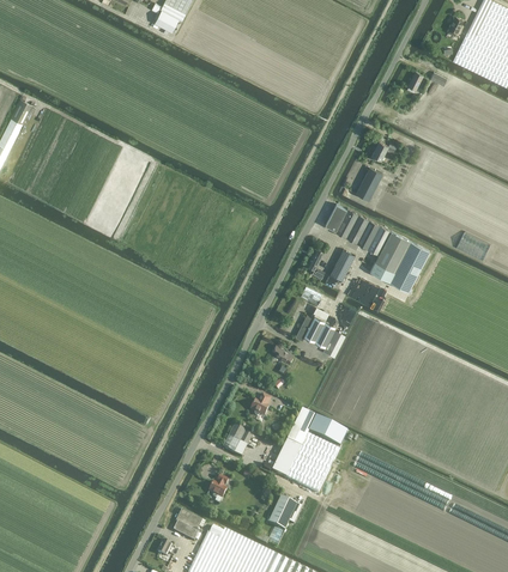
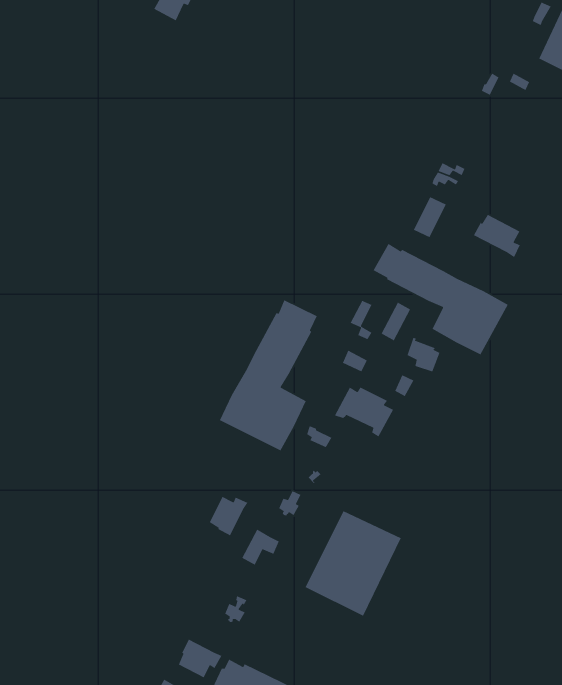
building: none -> [473,214,521,258]
building: none -> [219,299,318,451]
building: none -> [209,496,248,536]
building: [268,497,297,530] -> none

